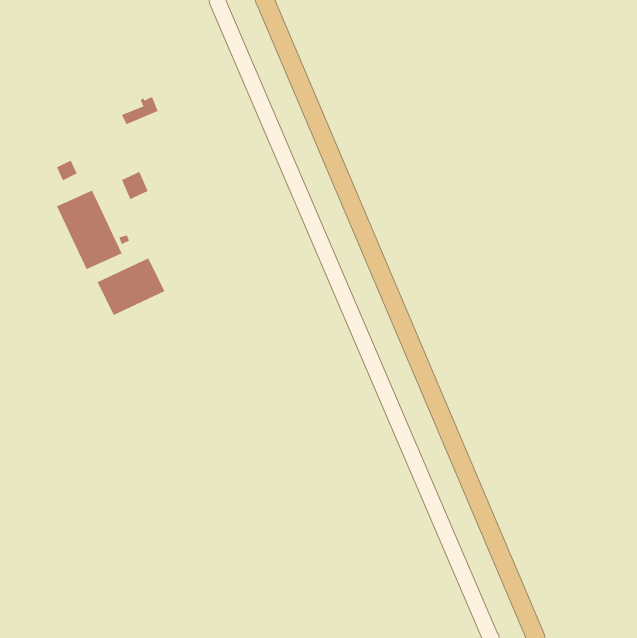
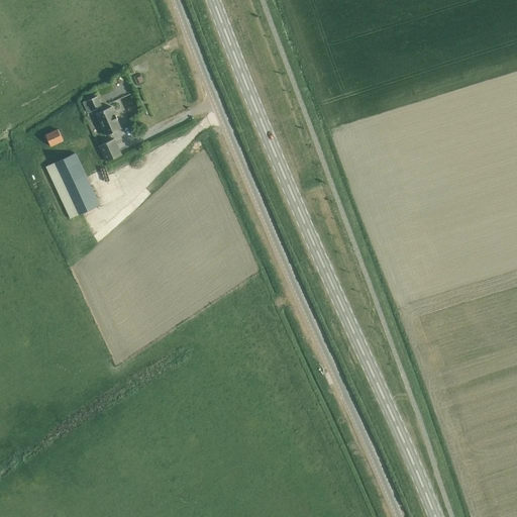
building: none -> [82,96,120,135]
building: [97,258,165,316] -> none

